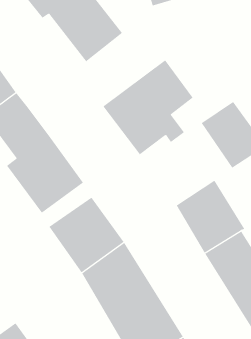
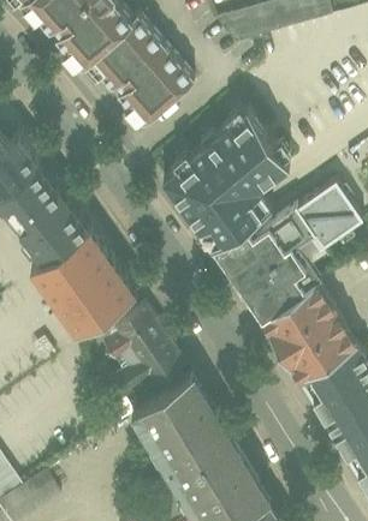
building: none -> [209,200,334,312]

